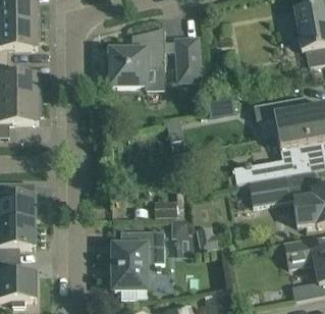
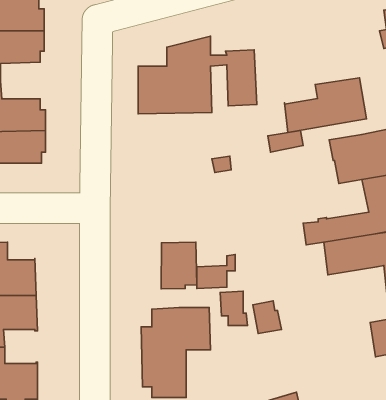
building: none -> [284,78,367,132]
building: none -> [161,242,197,289]

